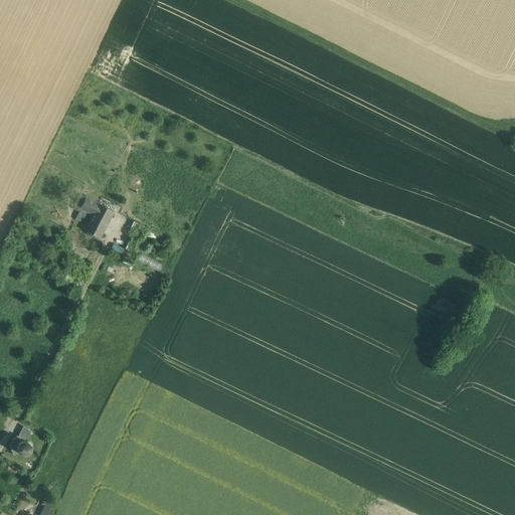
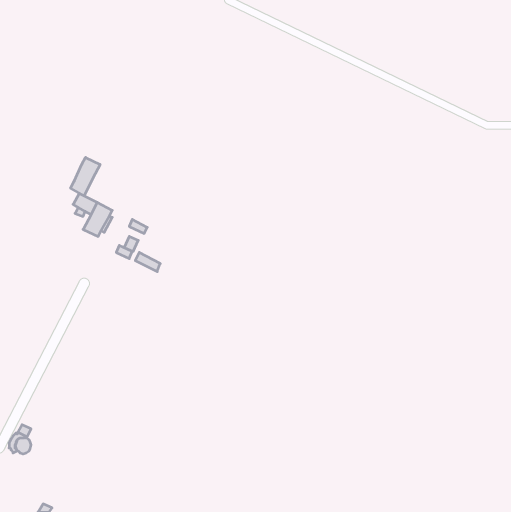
building: none -> [71,157,100,196]

